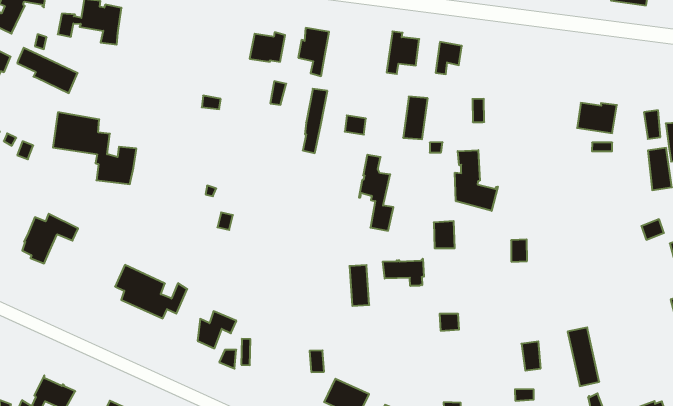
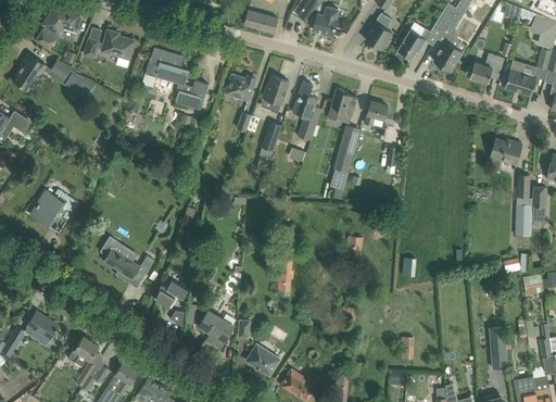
building: [577,103,617,133] -> [490,139,522,165]
building: [53,112,136,184] -> [146,48,208,110]
building: [455,150,498,211] -> none
building: [359,155,393,231] -> [292,81,318,141]
building: [383,259,424,286] -> none
building: [568,327,599,386] -> [490,325,508,368]
building: none -> [199,311,233,349]

